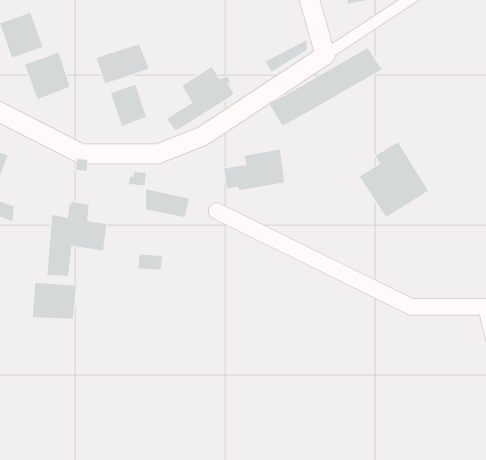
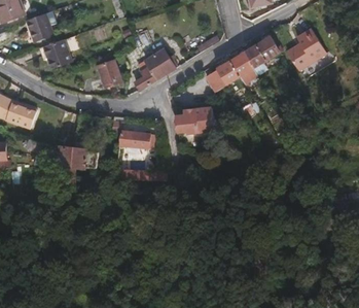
building: [96,43,150,84] -> none
building: [359,141,429,218] -> [288,29,333,78]
building: [32,282,76,320] -> none

